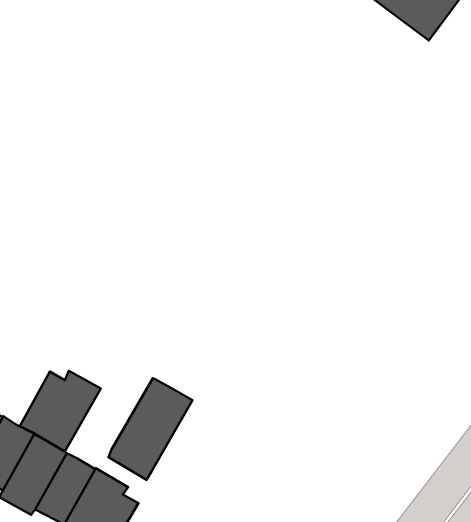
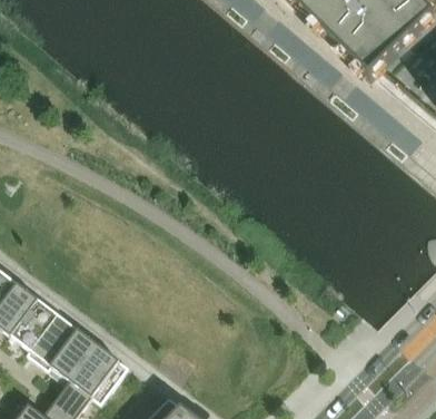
building: [20,371,101,451] -> none
building: [108,378,193,480] -> none

